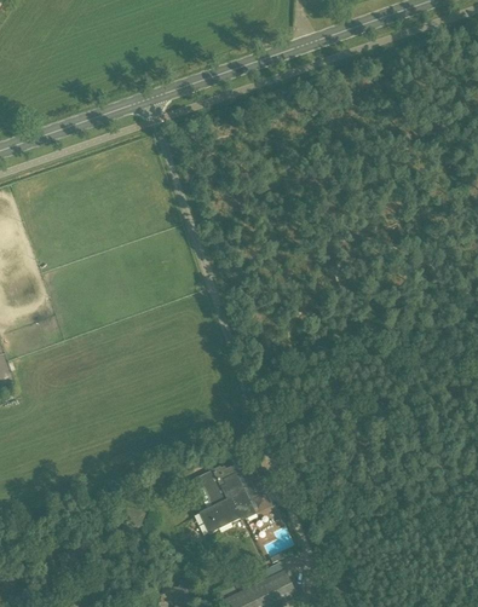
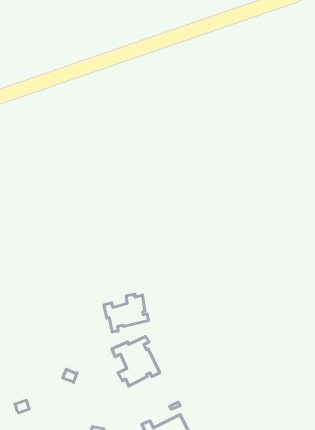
building: none -> [104,294,149,332]

